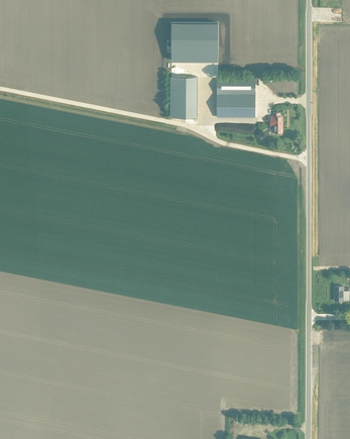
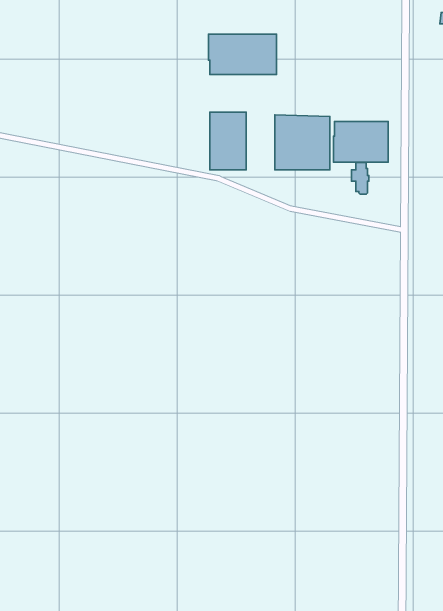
building: none -> [333,122,388,162]

